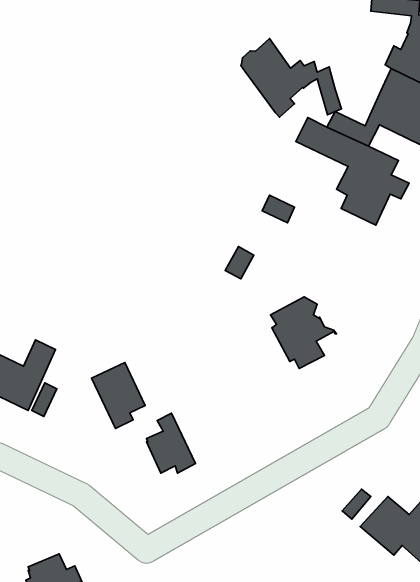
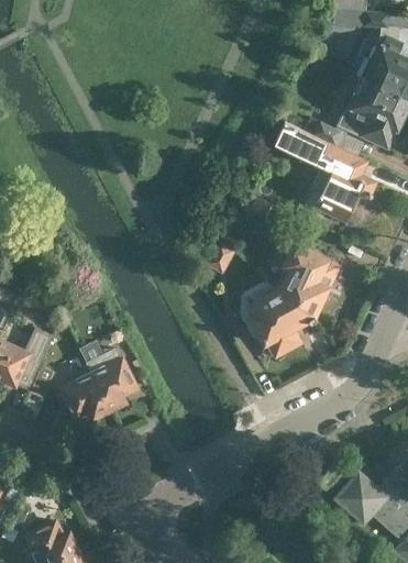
building: [241,38,342,117] -> none
building: none -> [282,245,333,321]
building: [147,413,196,473] -> [63,362,108,417]

